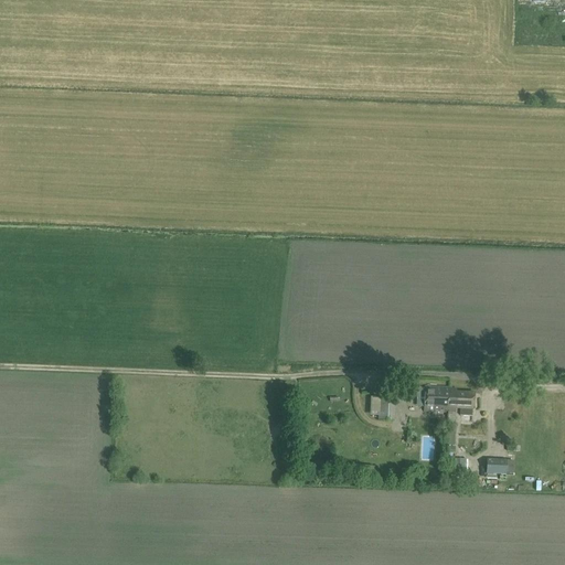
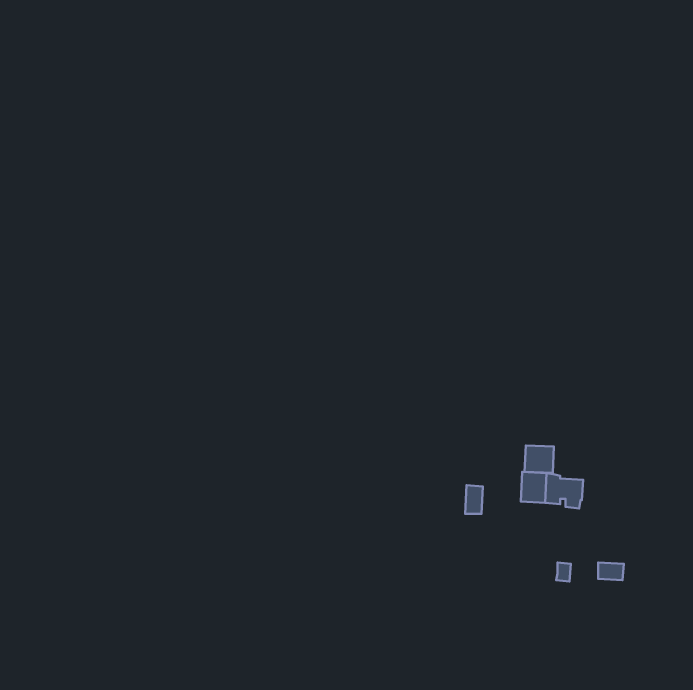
building: none -> [525,446,554,473]

